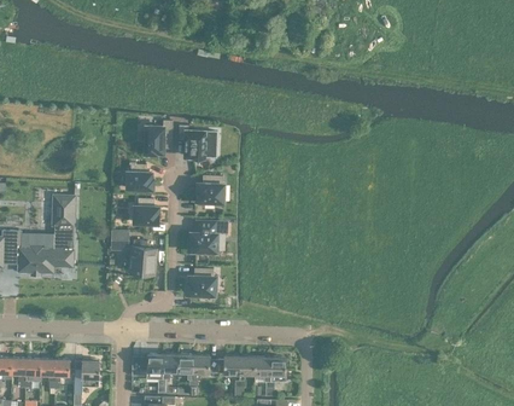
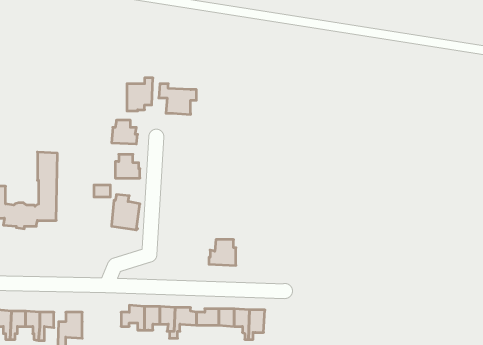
building: [197,174,224,202] -> none
building: [191,218,218,251] -> none
building: [186,268,214,295] -> [209,240,236,265]

